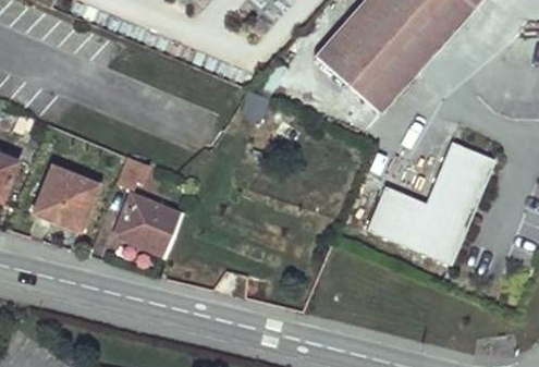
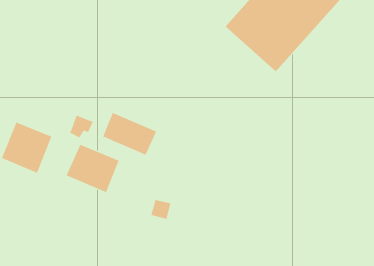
building: [370,134,499,262] -> none
building: none -> [103,112,157,156]

